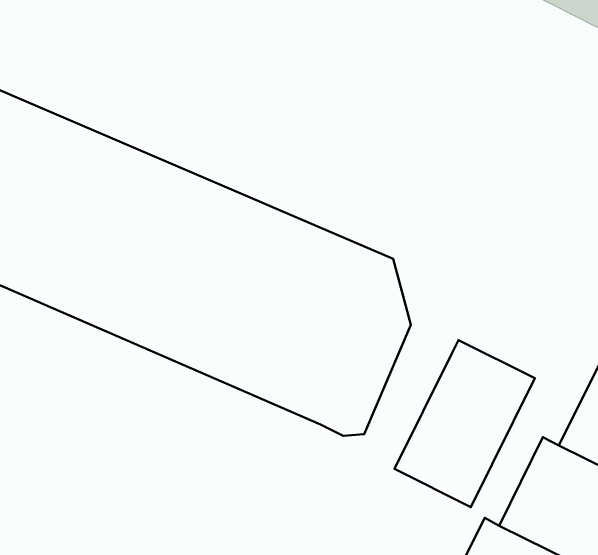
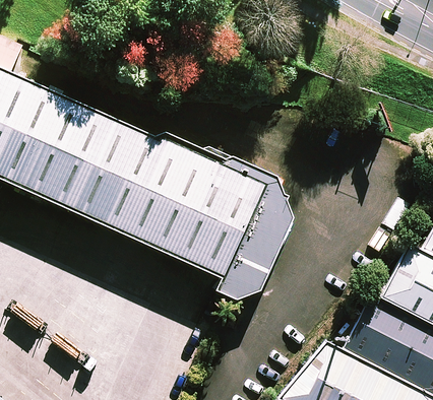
building: [395,340,535,507] -> none

